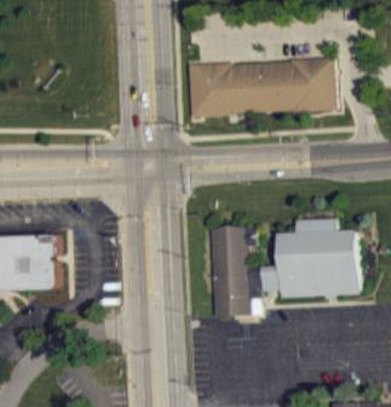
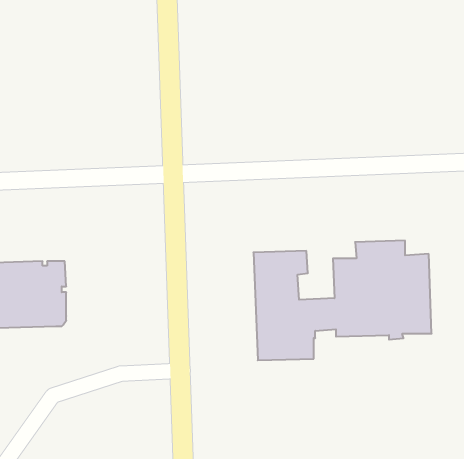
building: [190,59,338,116] -> none

